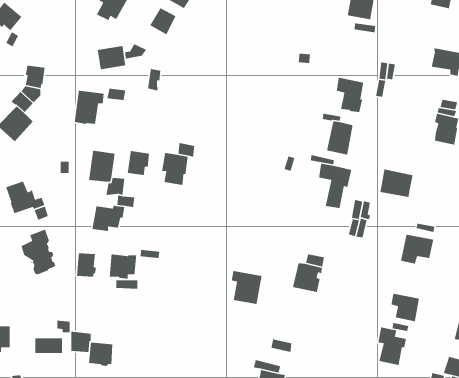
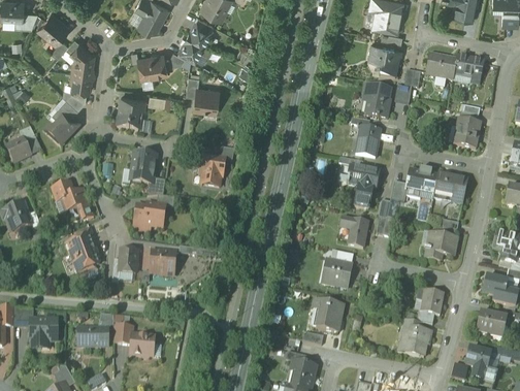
building: none -> [177,34,204,62]
building: none -> [72,42,93,73]
building: none -> [368,42,400,76]
building: none -> [425,54,457,78]
building: none -> [194,87,218,109]
building: [127,150,150,176] -> none
building: none -> [434,172,467,203]
building: none -> [339,216,368,247]
building: [231,270,262,305] -> [314,298,344,331]

